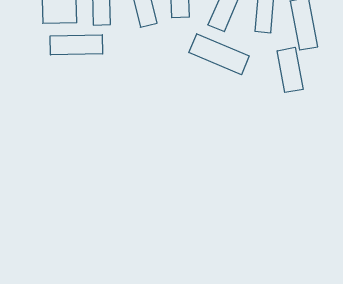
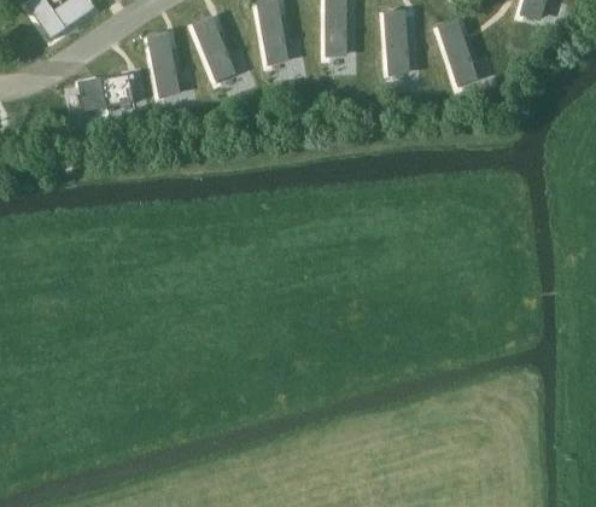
building: [189,34,249,75] -> none
building: [50,35,103,55] -> none
building: [277,47,303,92] -> none

